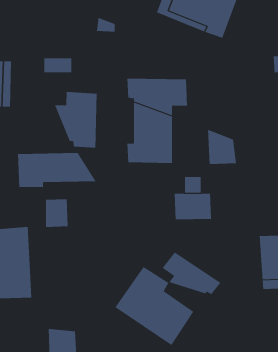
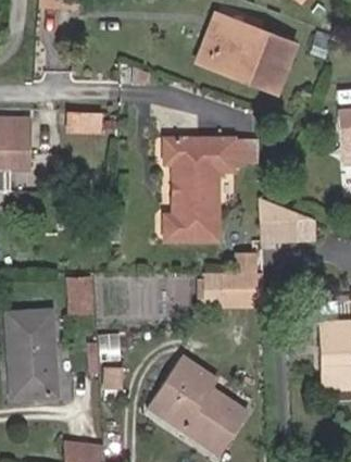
building: [54,91,97,149] -> none
building: [18,152,97,188] -> none
building: [162,251,221,295] -> none

